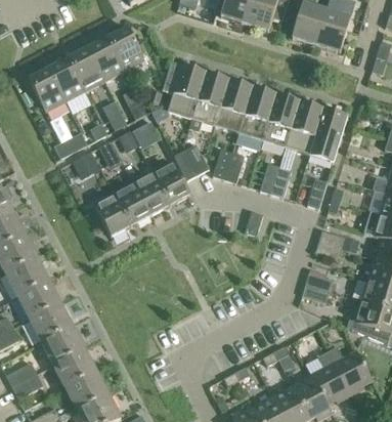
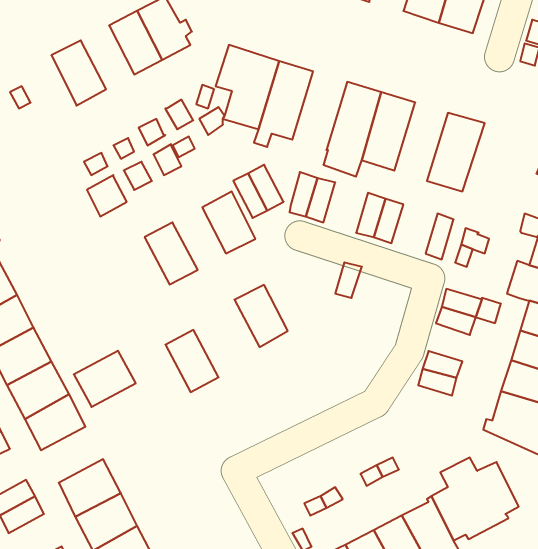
building: [69,46,105,90] -> none
building: [28,67,66,112] -> none
building: [215,78,253,132] -> none
building: [286,99,322,154] -> none
building: [132,172,169,215] -> [234,285,288,347]
building: [93,193,130,236] -> [165,330,219,392]
building: [41,324,84,363] -> [74,351,136,407]

